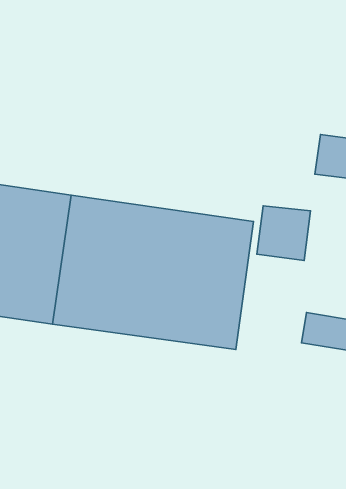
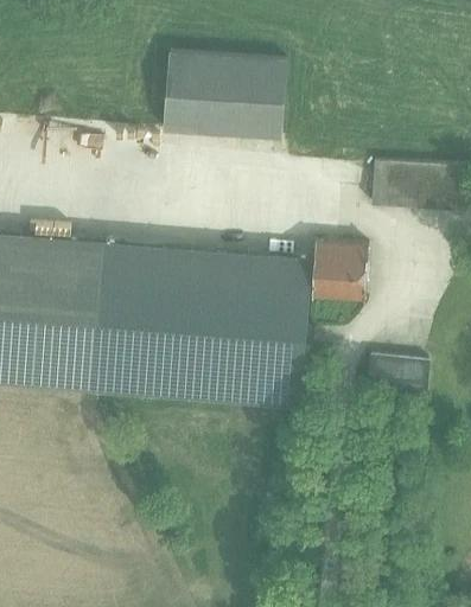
building: none -> [163,53,286,139]

